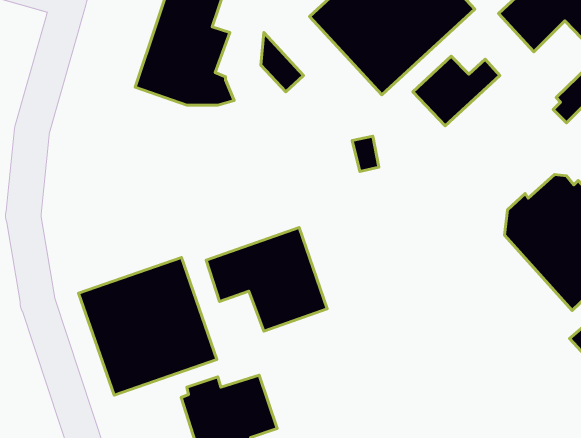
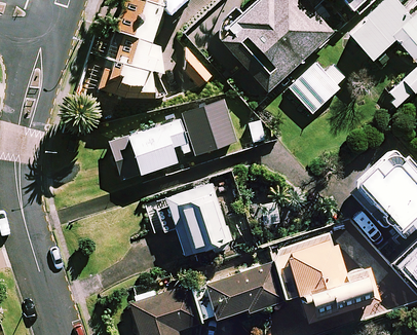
building: none -> [110,100,238,181]
building: [78,258,217,395] -> none
building: none -> [271,231,375,319]
building: none -> [192,262,279,321]

